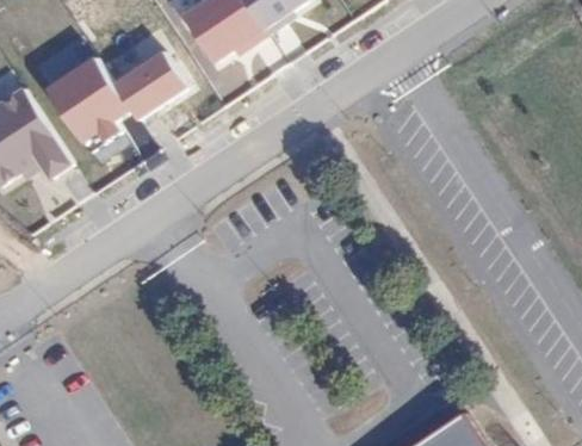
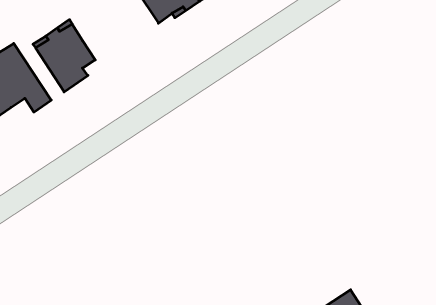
building: [111,52,184,120] -> none

